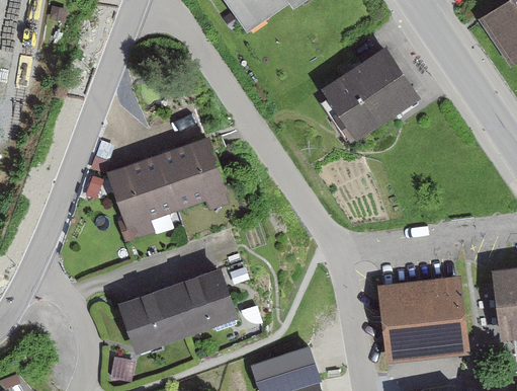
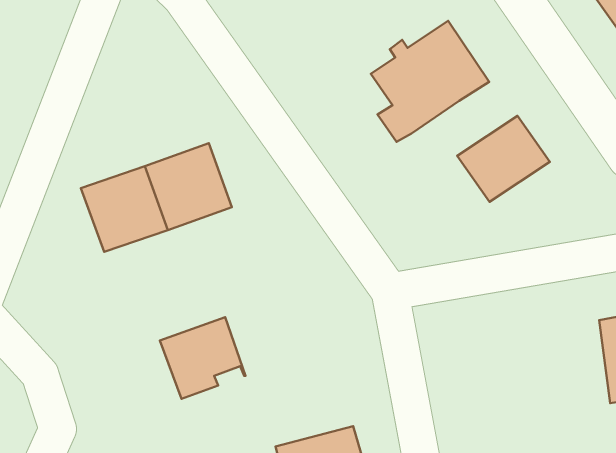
building: none -> [457,116,550,202]
building: [120,289,184,349] -> none
building: [381,291,462,347] -> none

